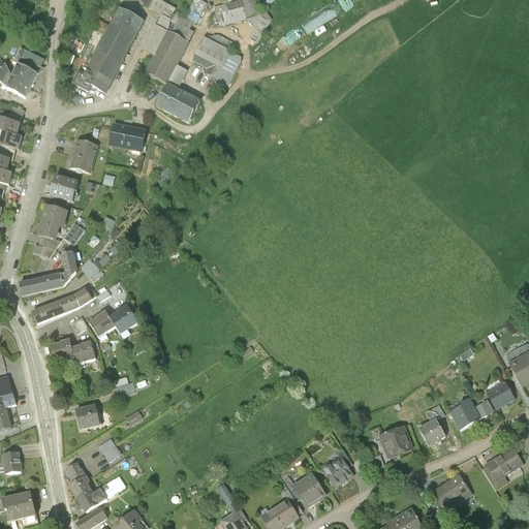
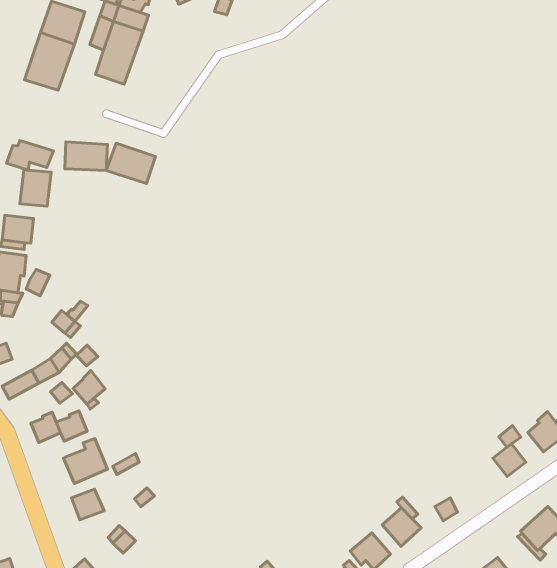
building: [192,35,244,83] -> none
building: [73,67,113,92] -> [6,141,53,170]
building: [156,84,197,120] -> [106,143,155,184]
building: [40,253,76,290] -> none
building: [110,304,136,333] -> none
building: none -> [63,439,107,483]
building: [378,426,411,458] -> none

